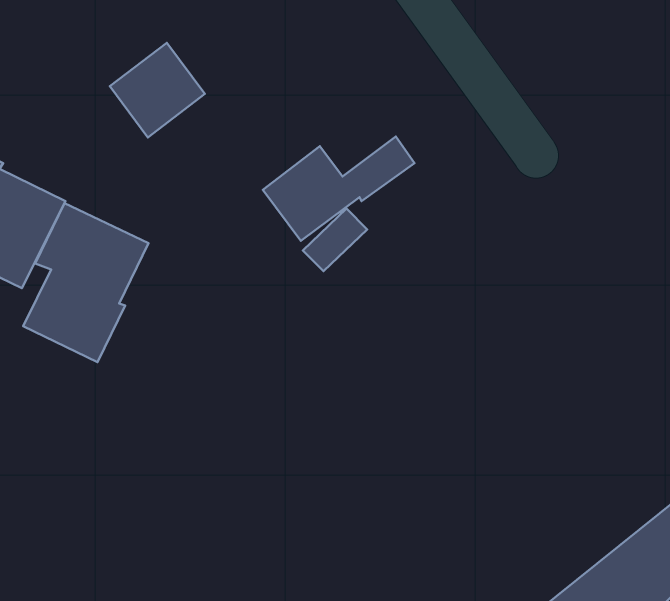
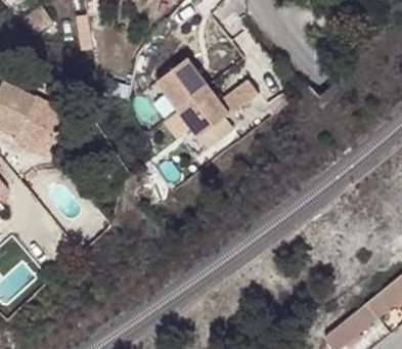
building: [110,43,205,138] -> [154,56,206,107]
building: [23,203,149,362] -> none

